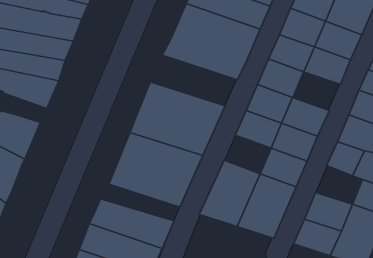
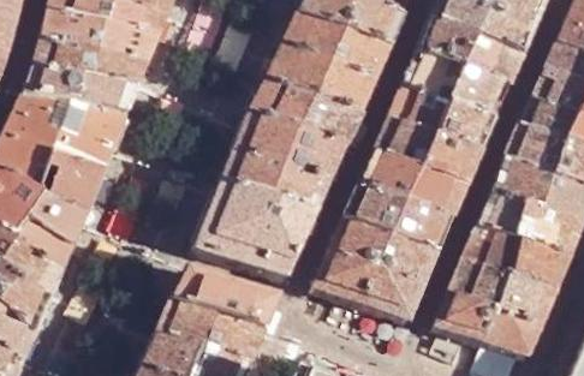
building: none -> [248,83,360,149]
building: none -> [433,105,495,155]
building: none -> [344,187,405,238]
building: none -> [463,227,524,277]

